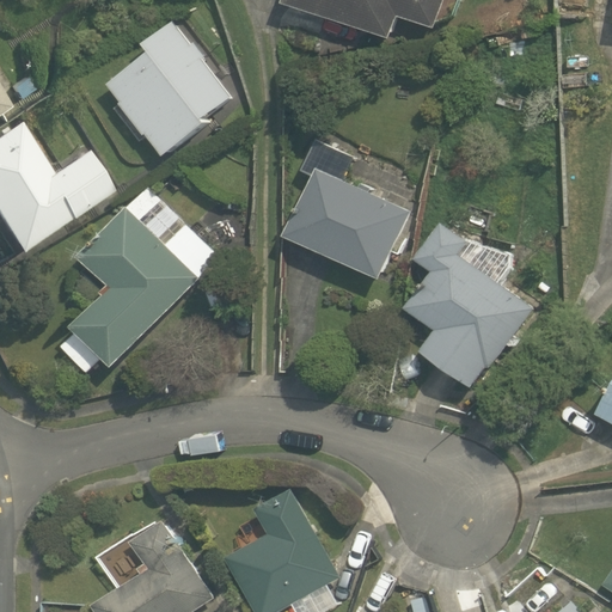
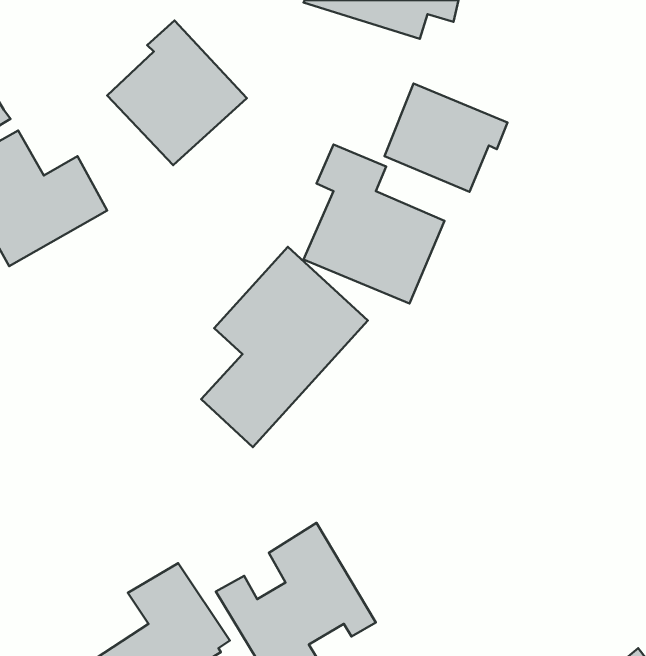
building: none -> [385,84,507,192]
building: [61,186,215,372] -> [201,247,368,447]
building: [404,219,539,392] -> none

